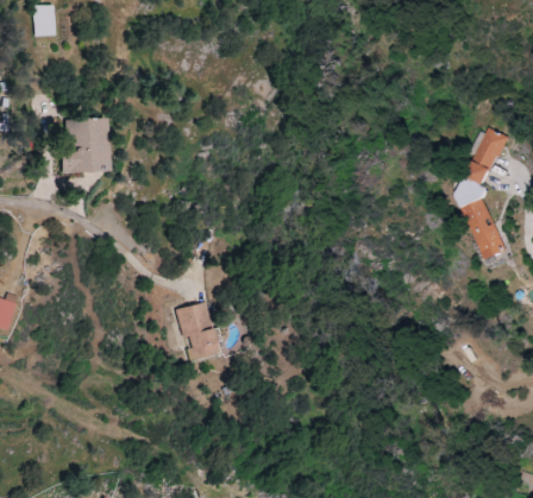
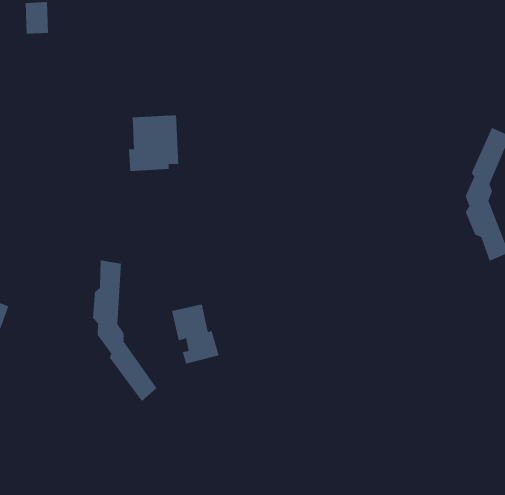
building: [61,118,111,174] -> [128,115,179,172]
building: none -> [92,259,157,402]

